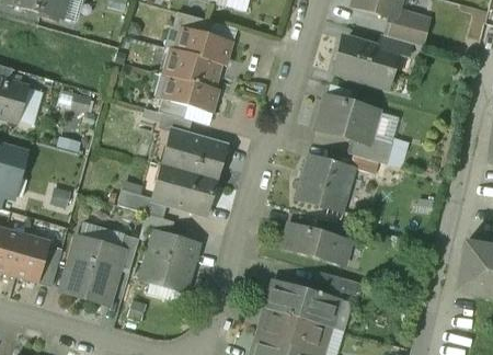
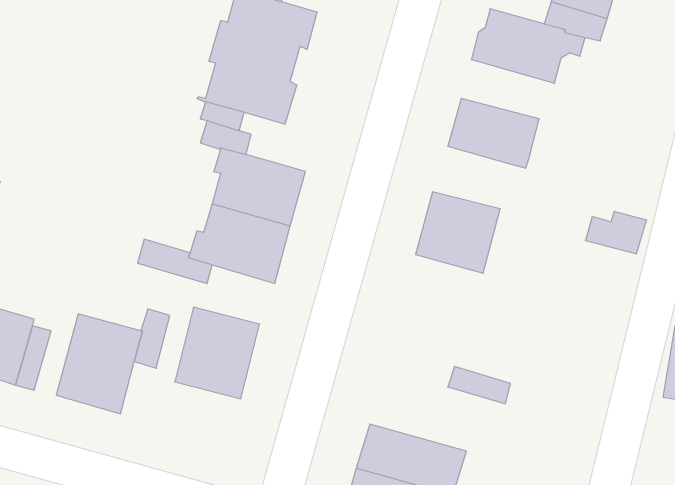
building: [352,136,391,163] -> [585,212,647,254]
building: [284,225,348,264] -> none
building: [267,280,337,325] -> none

